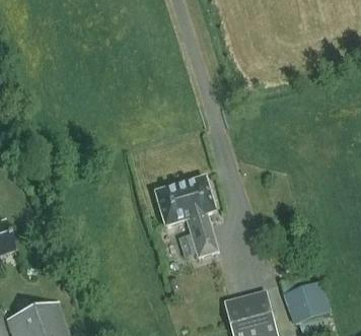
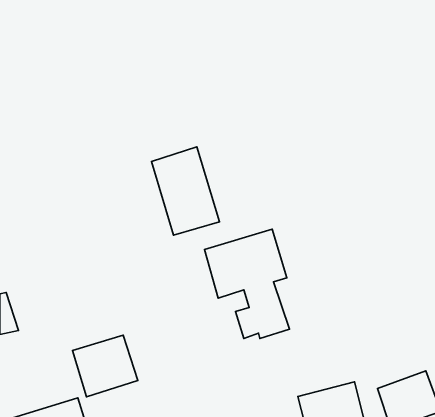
building: none -> [152,147,219,235]
building: none -> [73,335,138,397]

